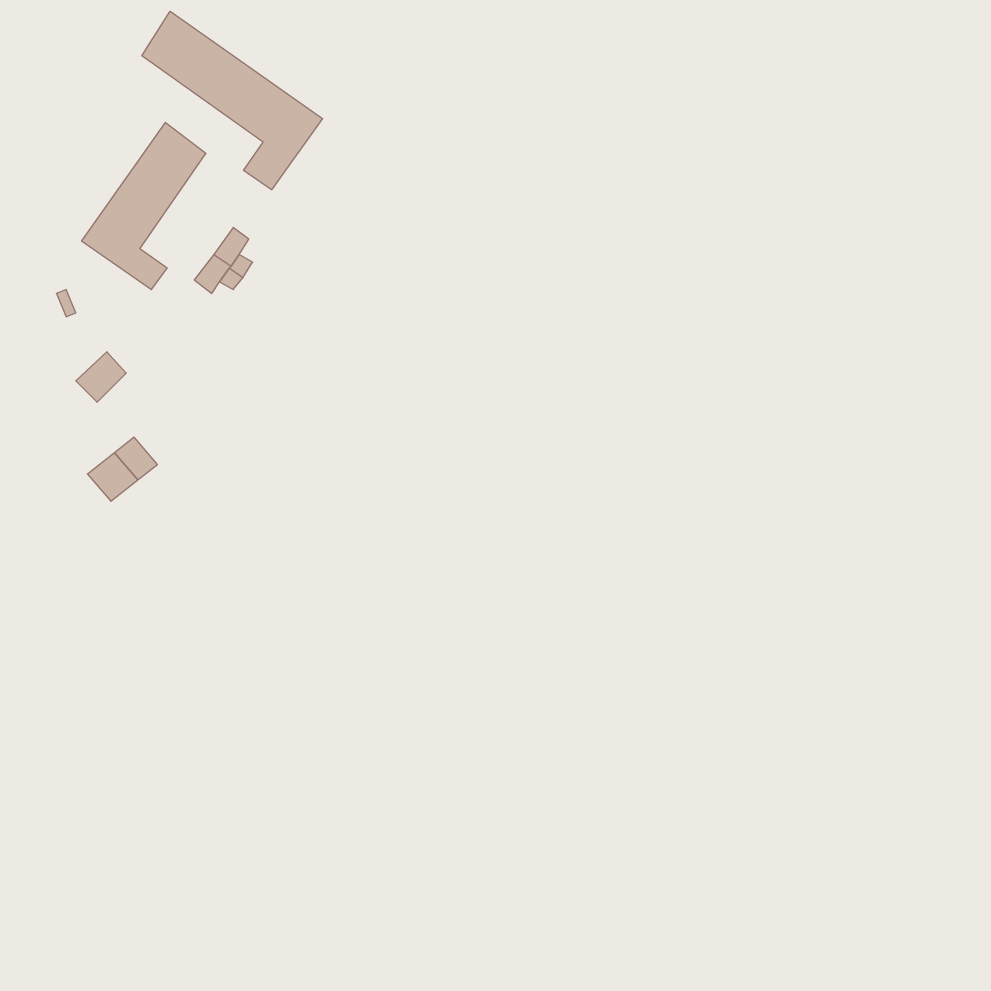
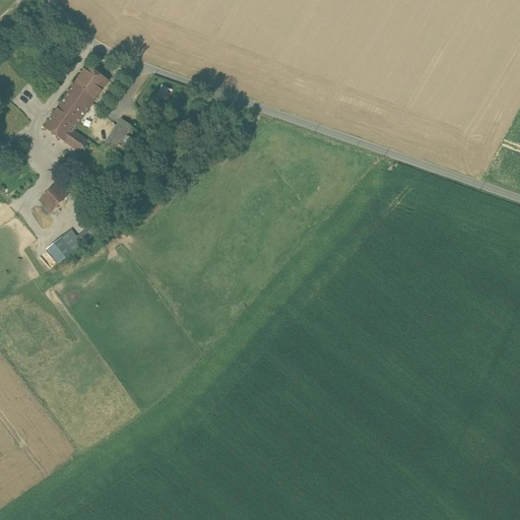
building: [142,11,323,190] -> none

